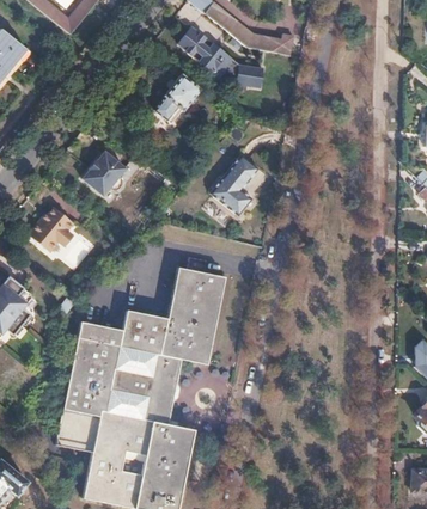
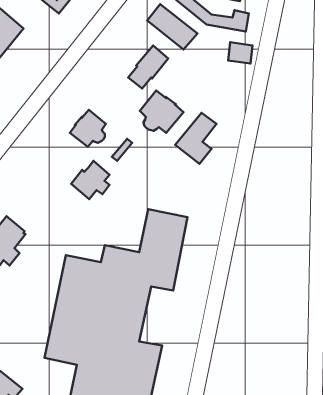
building: [236,62,264,87] -> [228,42,252,63]
building: none -> [140,91,183,133]
building: [28,204,73,250] -> [71,161,109,199]

